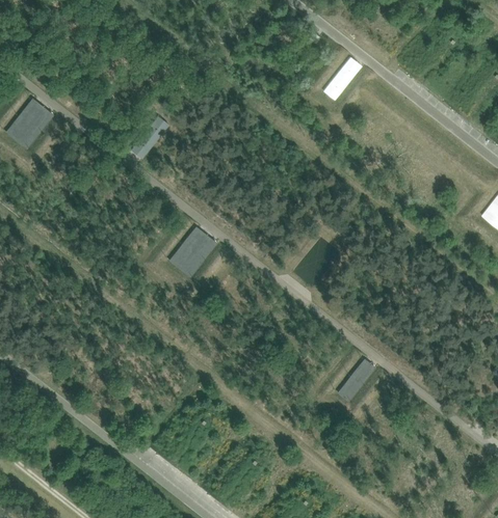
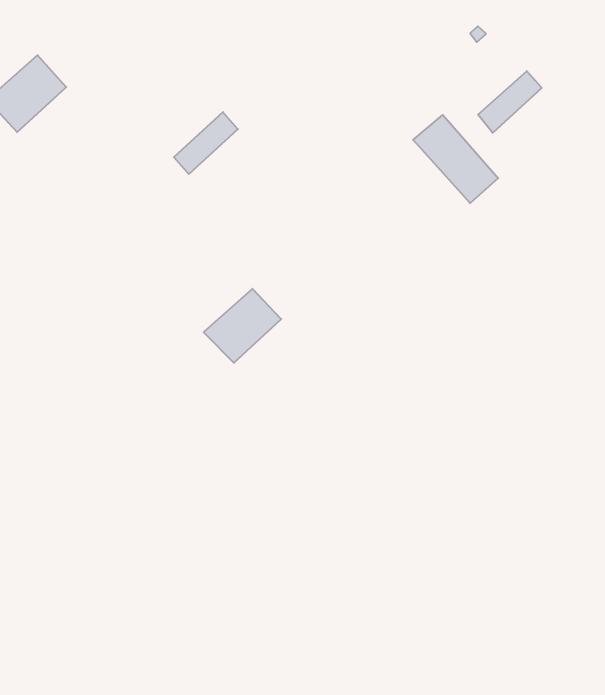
building: none -> [413,115,498,203]
building: [337,358,375,402] -> none

